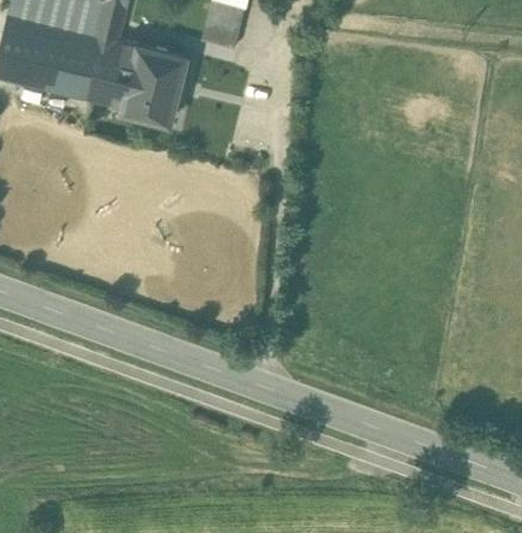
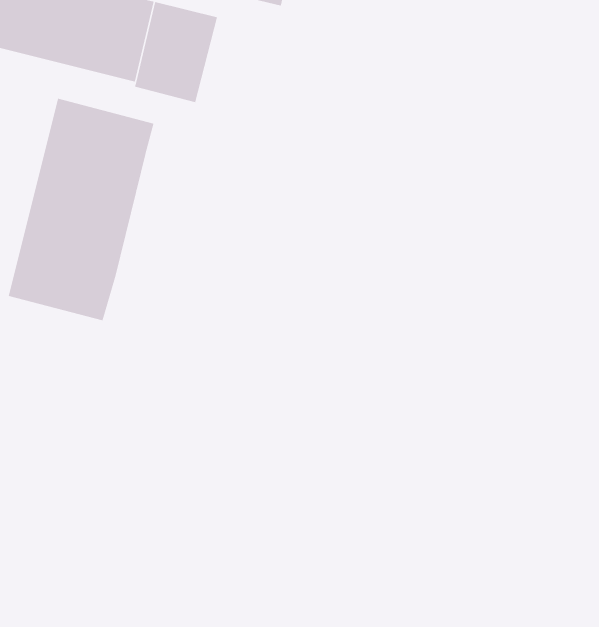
building: none -> [8,98,154,321]

